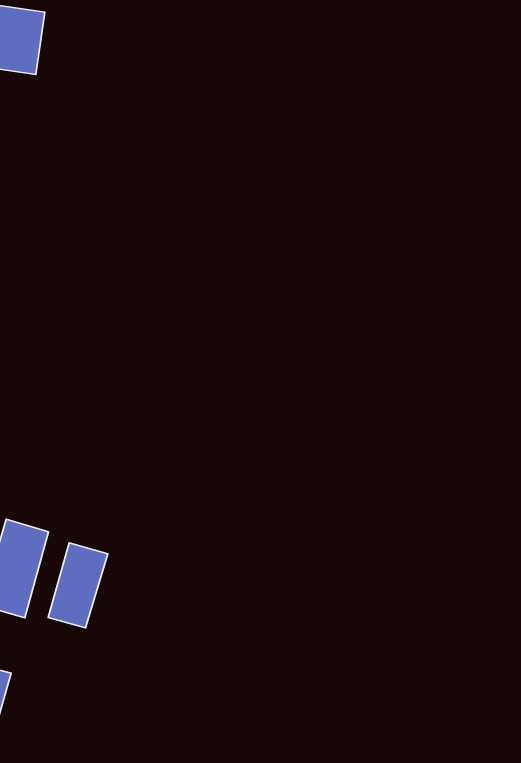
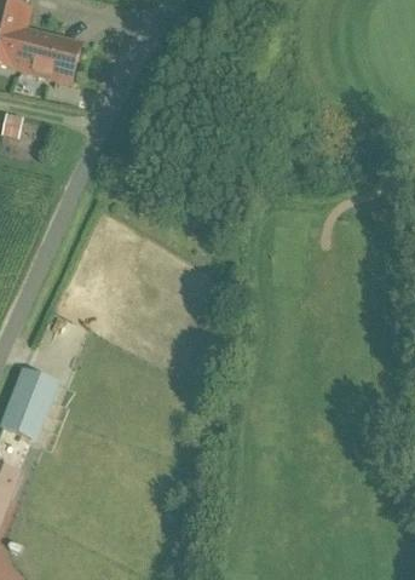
building: [48,543,108,628] -> none

